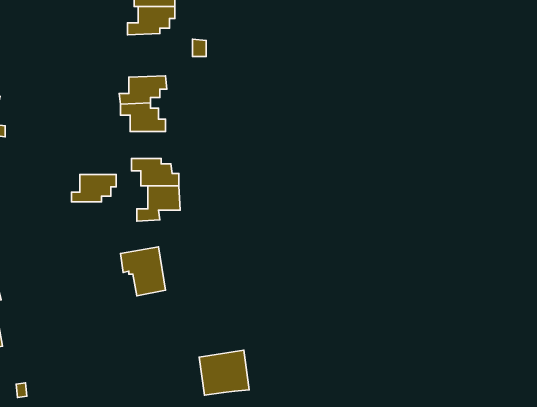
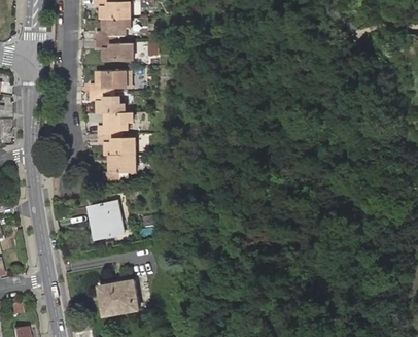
building: none -> [98,37,136,59]
building: [72,175,116,202] -> [101,111,135,132]
building: [199,350,249,395] -> [103,279,141,313]

